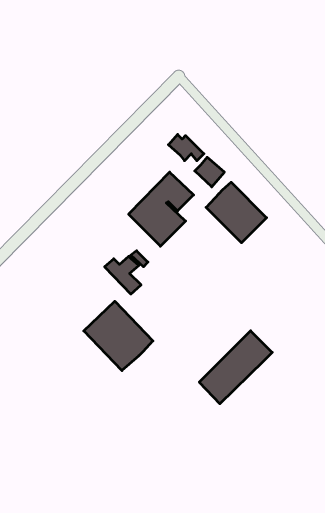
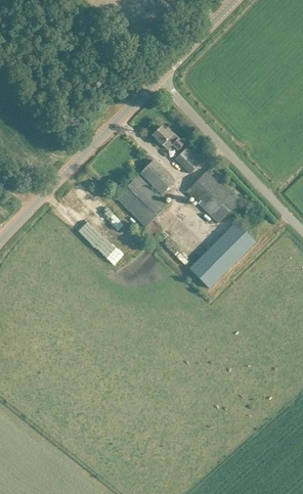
building: [84,301,153,371] -> none
building: [199,331,272,404] -> [189,222,255,287]

